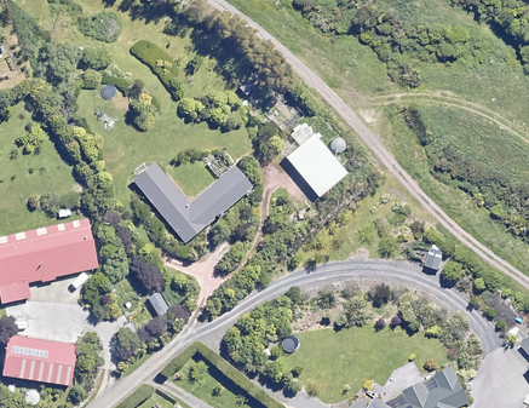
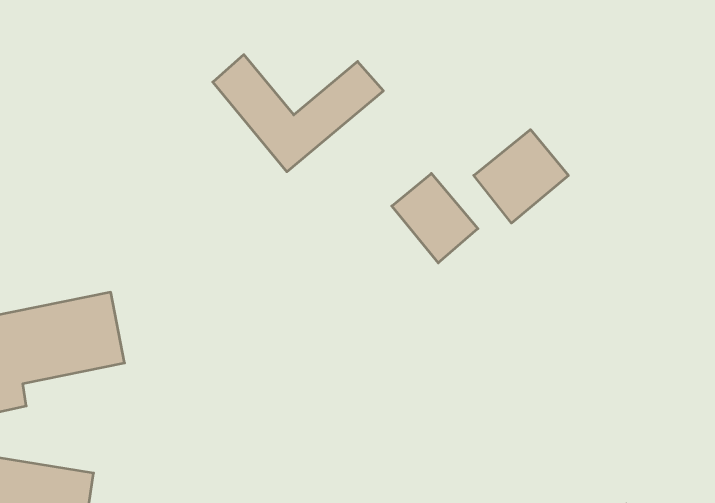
building: none -> [474,130,568,223]
building: [132,161,252,243] -> [213,55,383,172]

